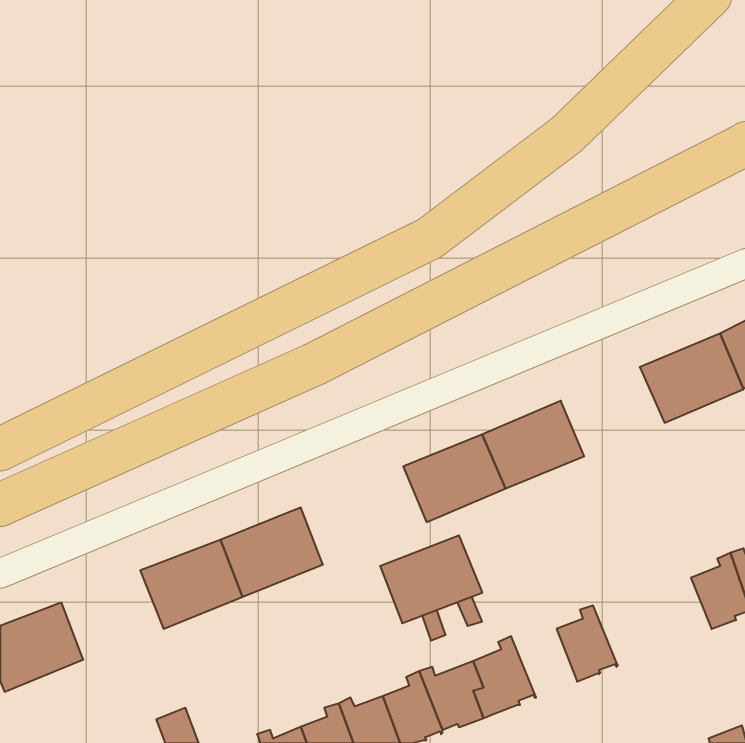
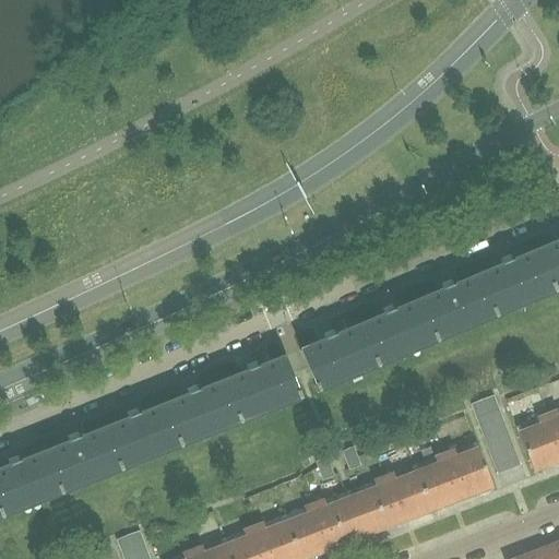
building: none -> [420,274,498,341]
building: none -> [472,394,522,472]
building: [380,535,482,623] -> [226,356,302,421]
building: none -> [47,426,123,492]
building: none -> [444,447,493,495]
building: none -> [383,469,432,521]

